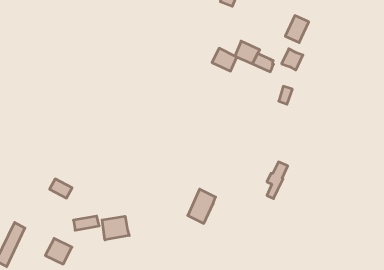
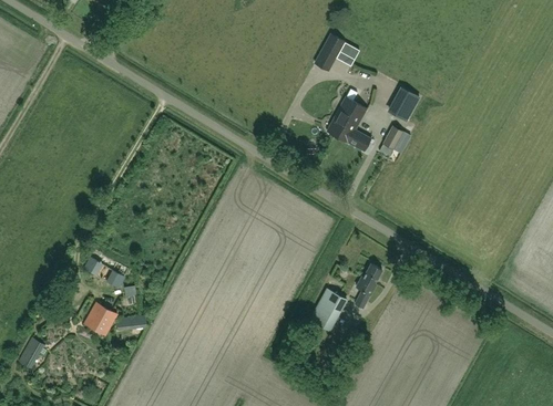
building: [212,48,237,71] -> [336,96,367,125]
building: [188,189,216,223] -> [310,288,346,330]
building: [102,216,129,240] -> none
building: [45,238,72,264] -> [84,302,117,334]

